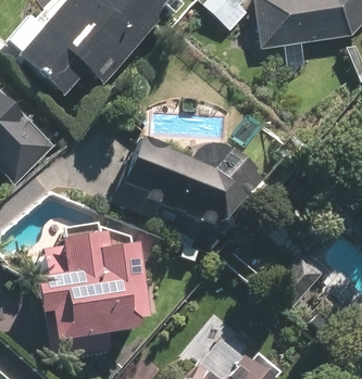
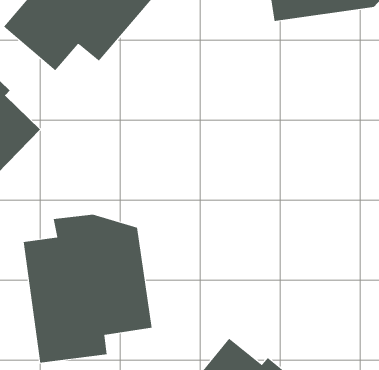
building: [109,136,266,226] -> none

